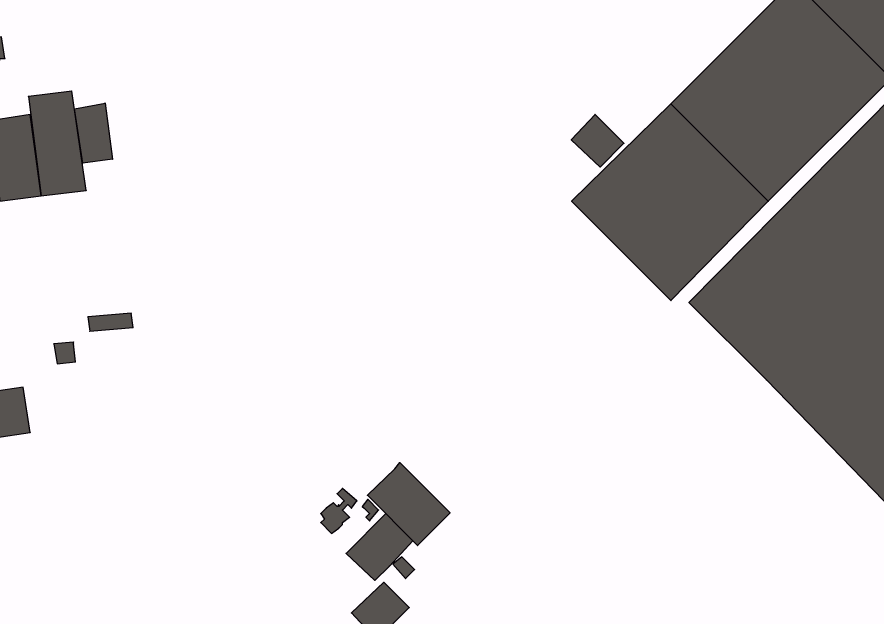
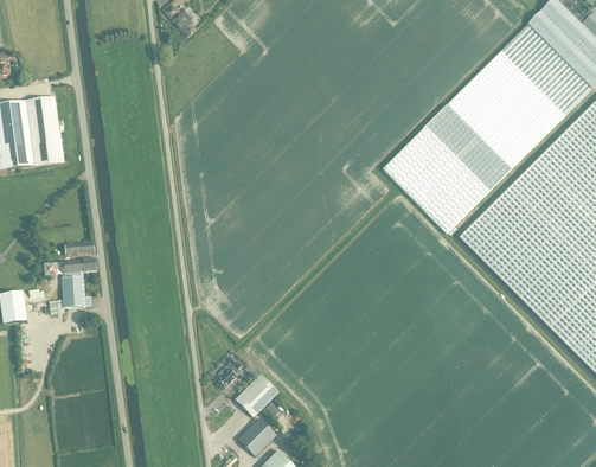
building: [74,103,113,163] -> none
building: [571,114,624,167] -> none
building: none -> [62,256,96,306]
building: [367,463,450,546] -> none

